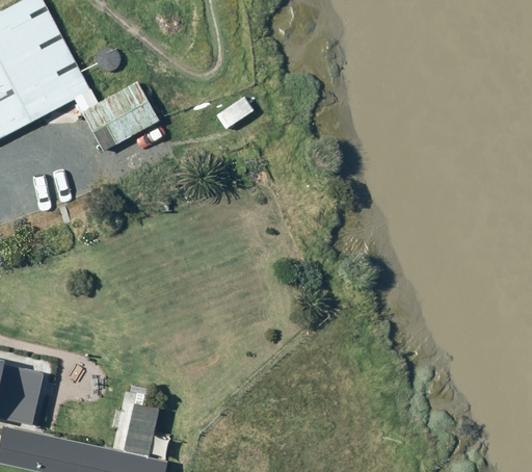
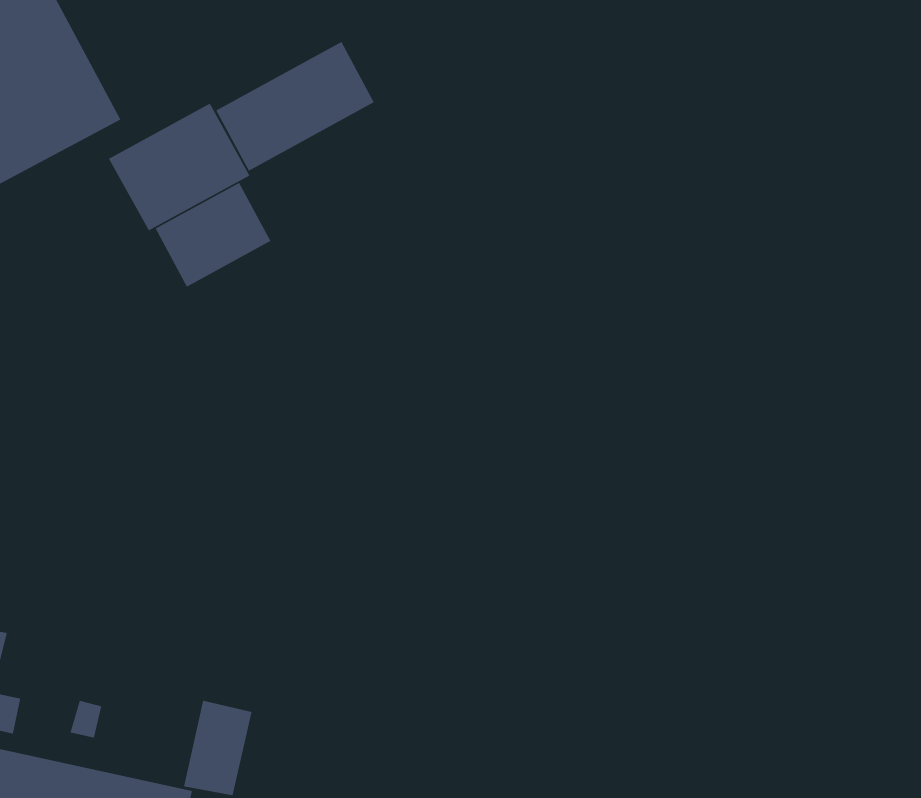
building: none -> [215,41,375,172]
building: none -> [154,182,272,288]

